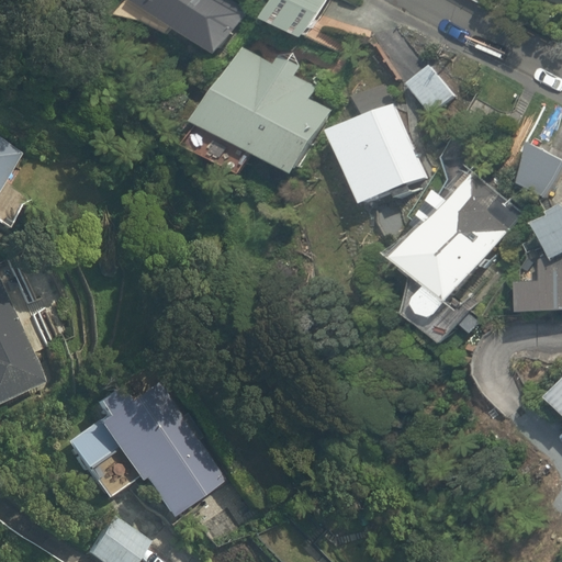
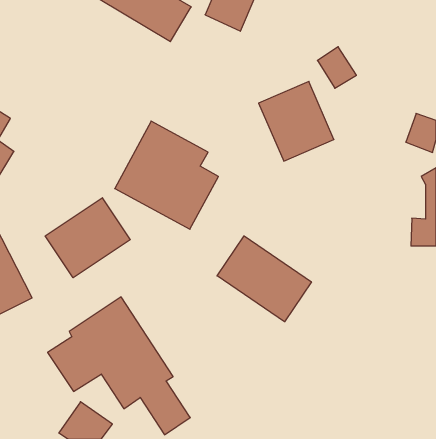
building: [198,38,329,176] -> [115,121,218,229]
building: [402,171,507,344] -> none
building: none -> [45,198,130,278]
building: none -> [217,236,311,322]

